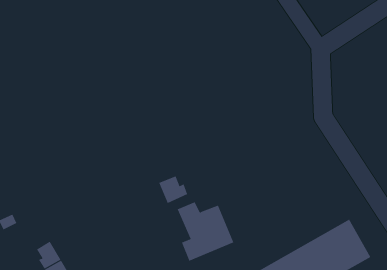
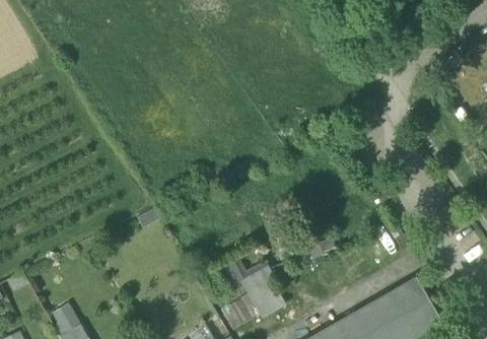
building: [158,176,188,204] -> none

